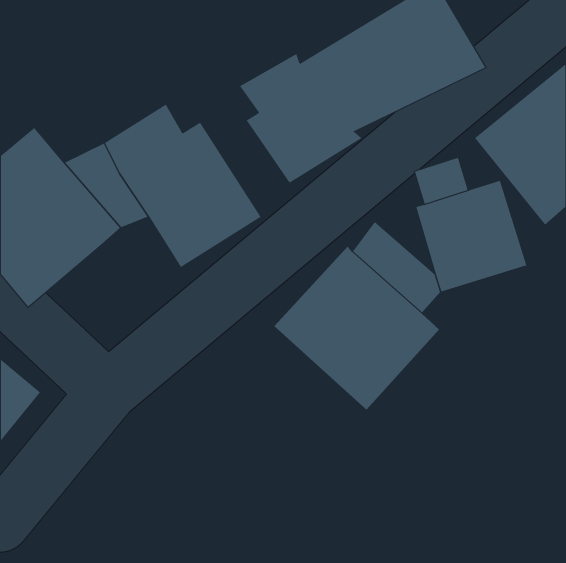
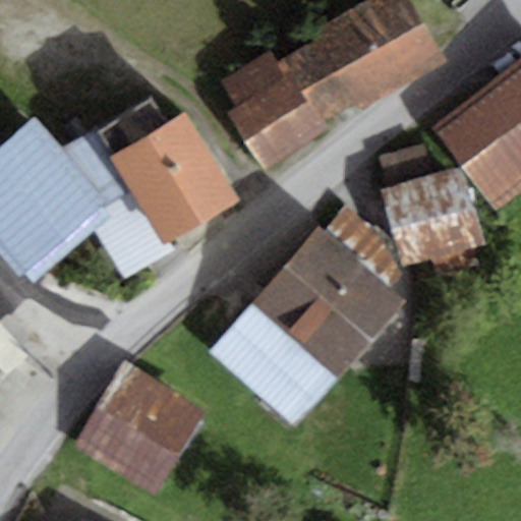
building: none -> [93,199,172,277]
building: none -> [208,300,337,425]
building: none -> [73,364,204,495]

